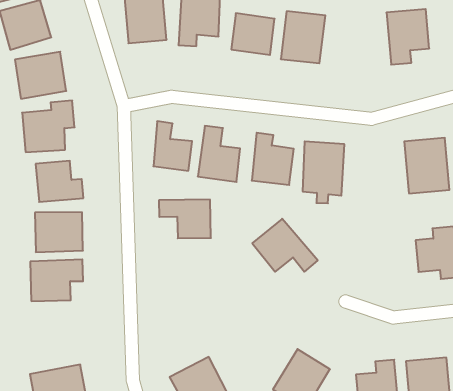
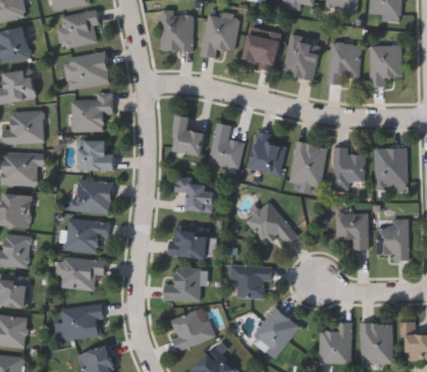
building: none -> [327,43,360,85]
building: none -> [332,148,365,190]
building: none -> [335,213,368,250]
building: none -> [169,224,209,259]
building: none -> [229,265,269,298]
building: none -> [163,267,200,301]
building: none -> [61,258,104,289]

